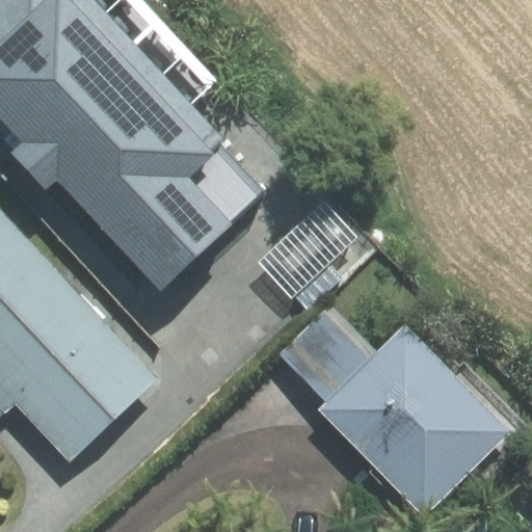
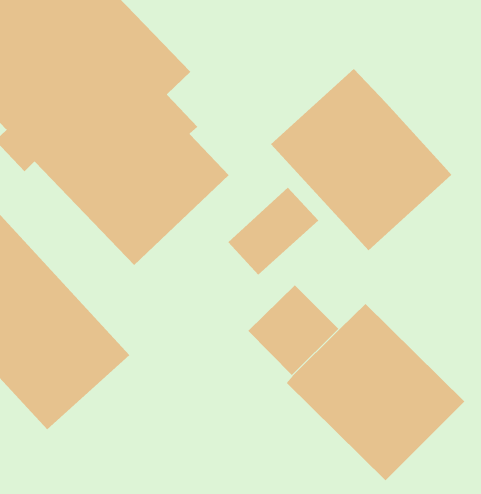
building: none -> [270,68,452,251]

